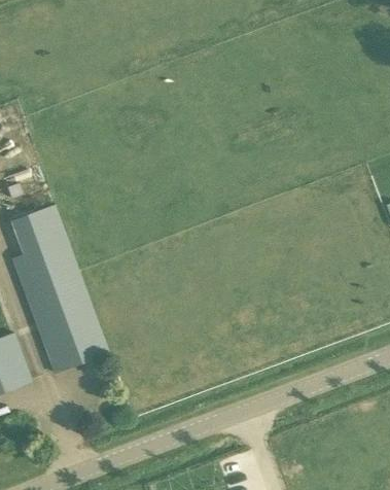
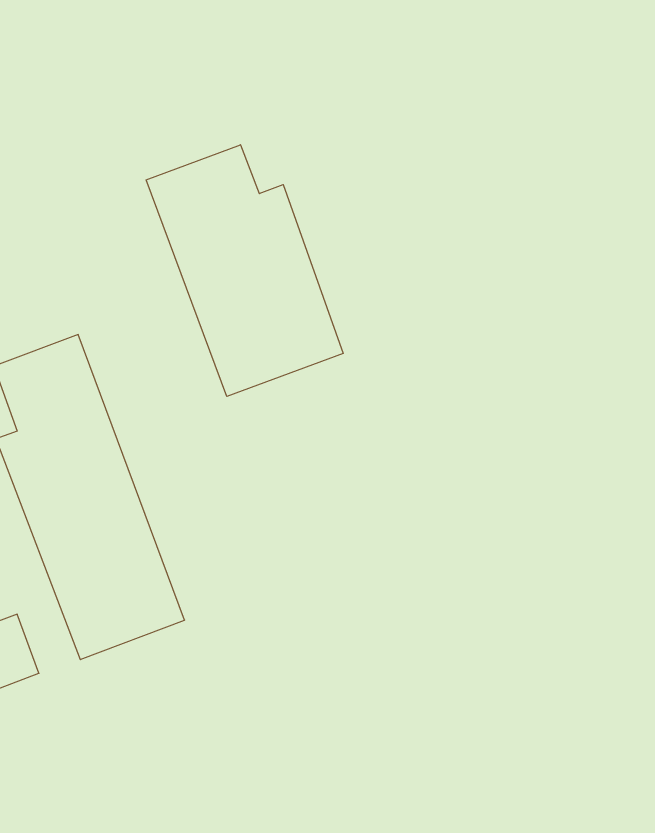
building: none -> [146,145,343,396]

